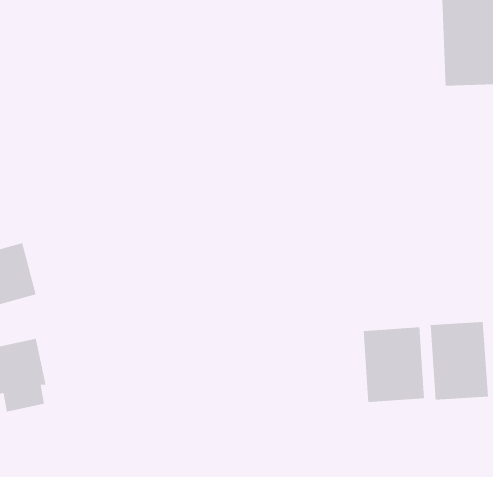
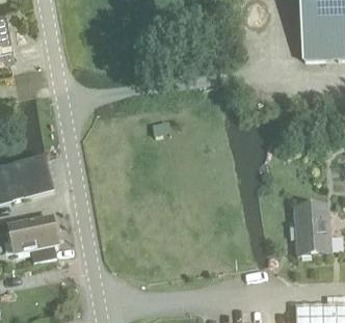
building: [363,327,425,403] -> none

